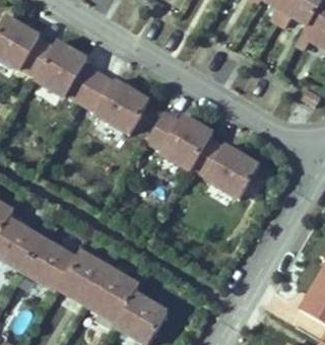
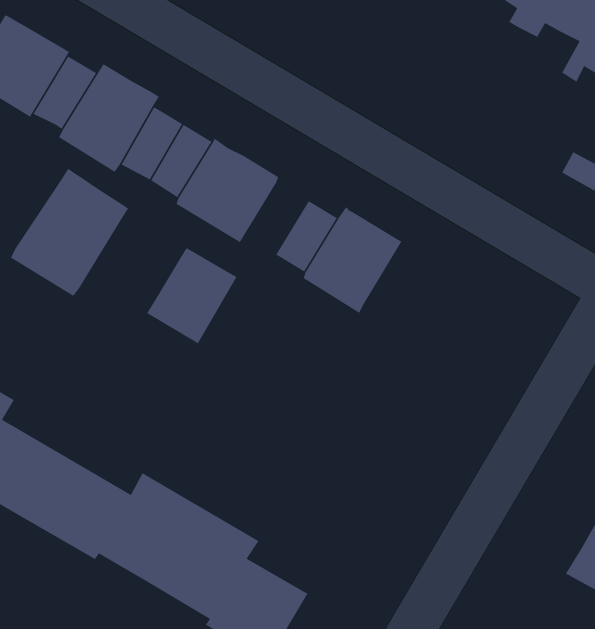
building: none -> [10,168,129,297]
building: none -> [146,247,238,345]
building: [196,138,263,199] -> none

